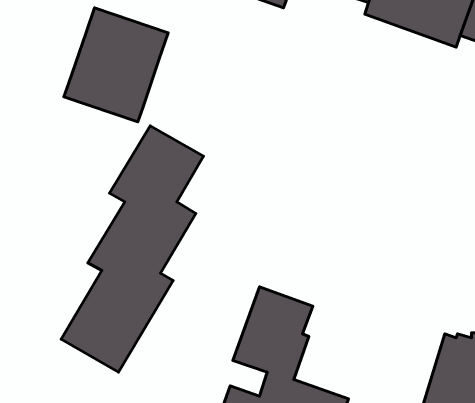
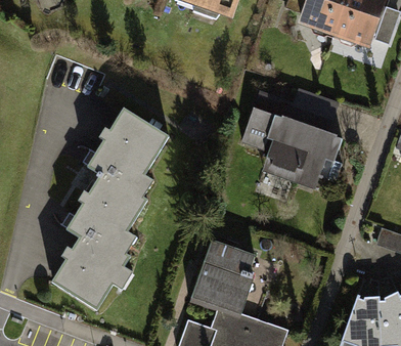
building: [64,8,168,122] -> none
building: none -> [239,88,343,190]

